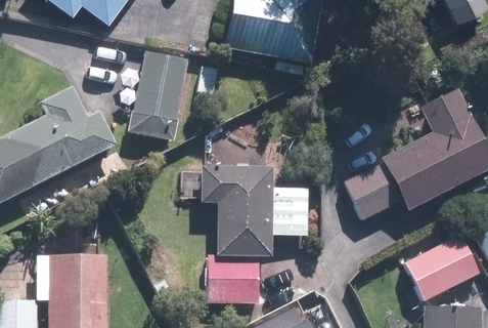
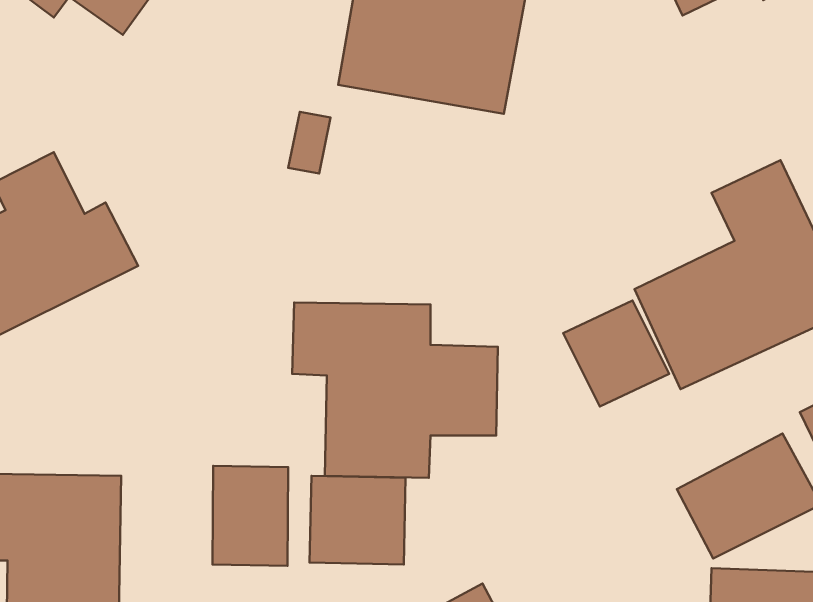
building: [129,52,188,142] -> none
building: none -> [213,466,288,566]

